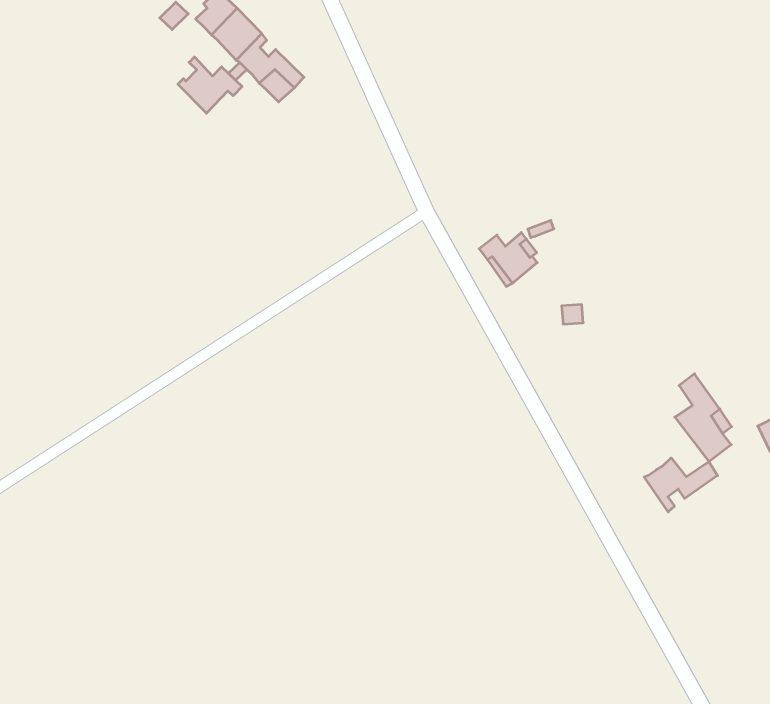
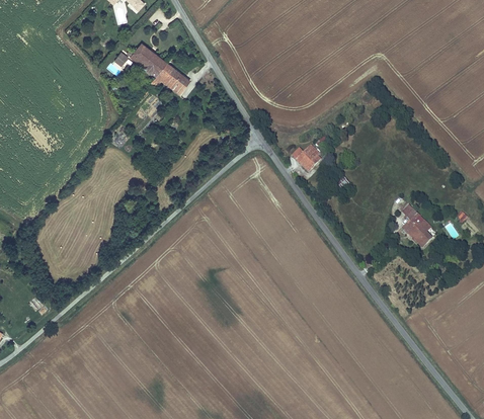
building: [178,57,242,113] -> none
building: [644,458,718,512] -> none

